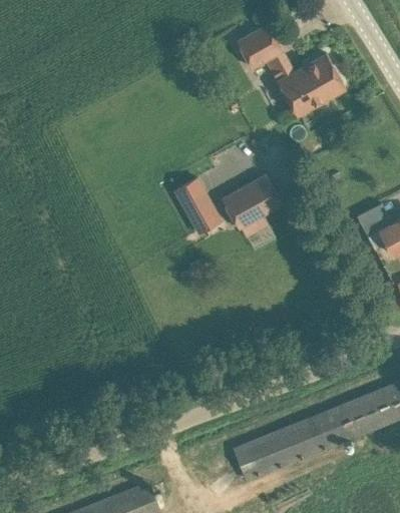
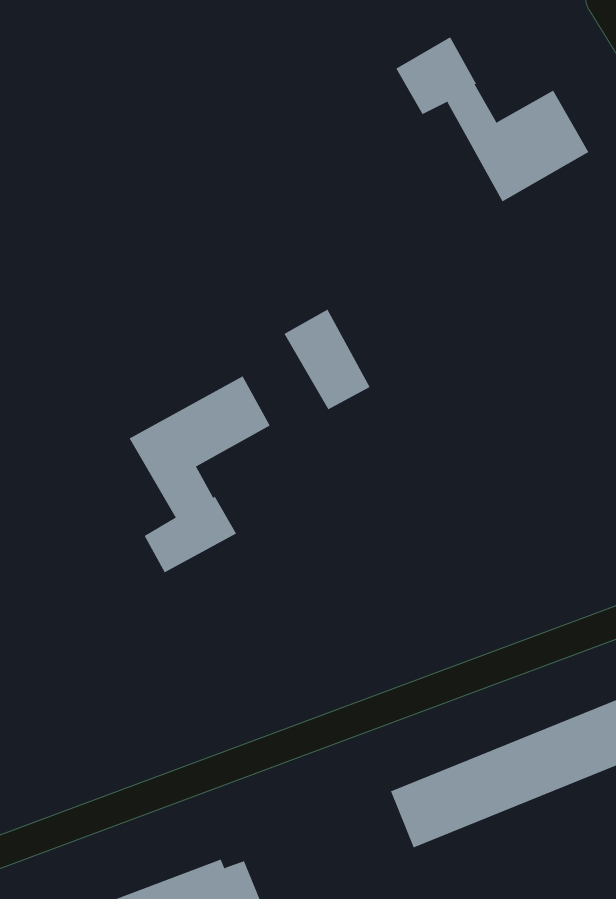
building: [223,174,283,229] -> none
building: none -> [129,376,271,573]

